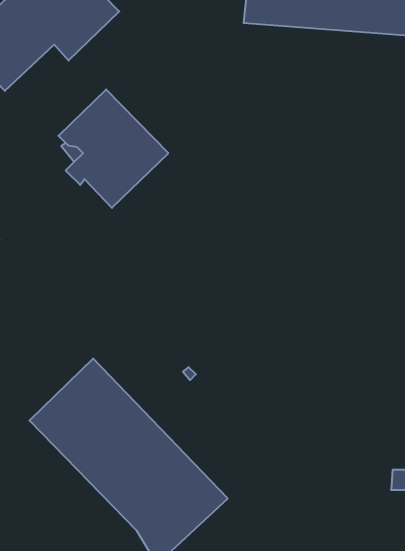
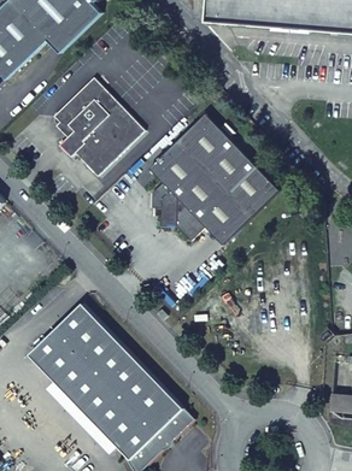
building: none -> [147,112,277,245]

